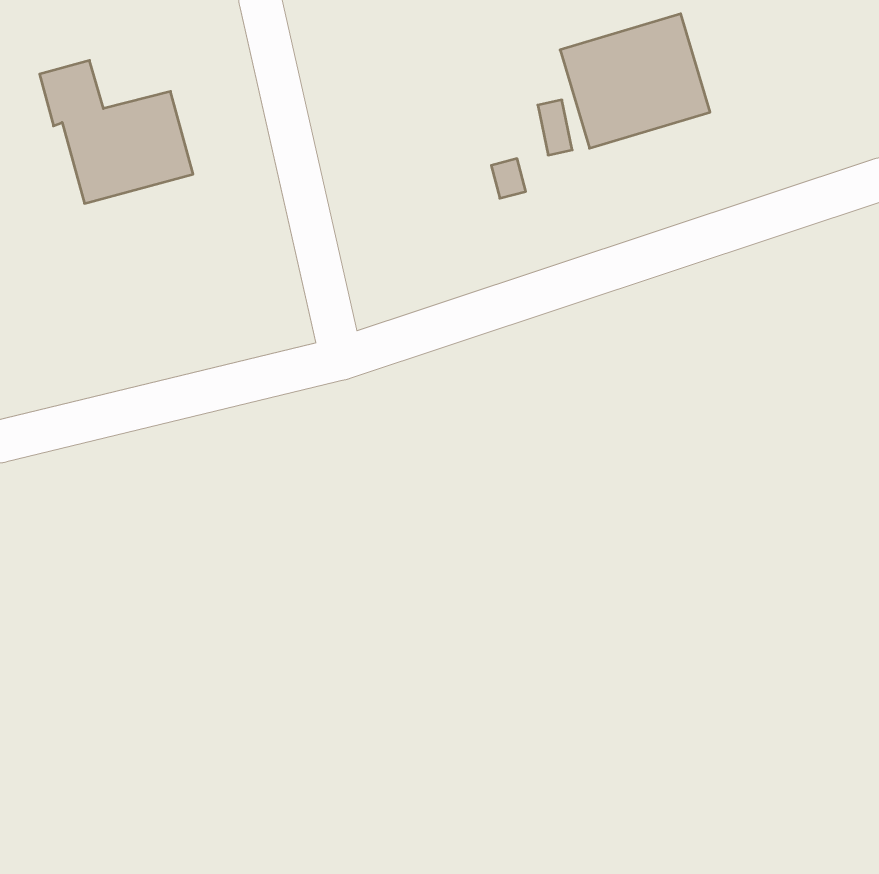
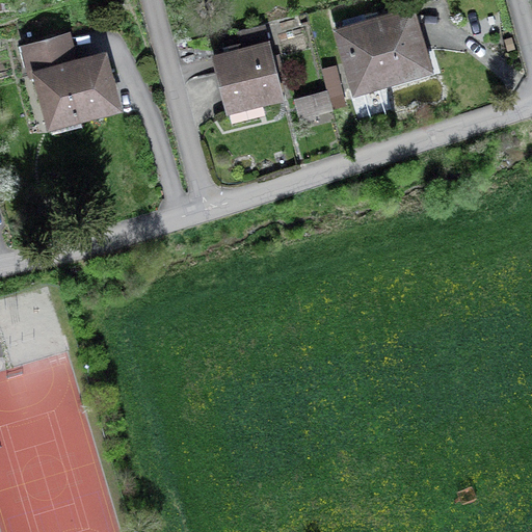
building: none -> [214,28,283,113]

